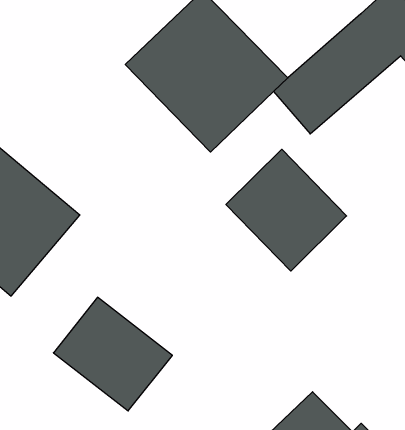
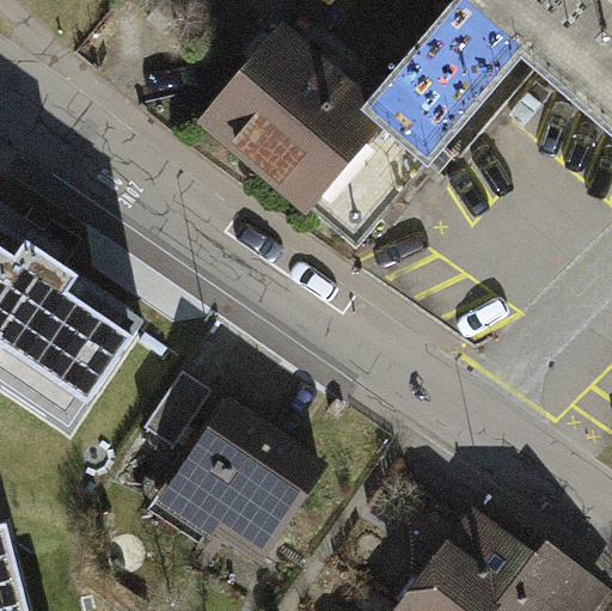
building: [226,149,347,271] -> none

